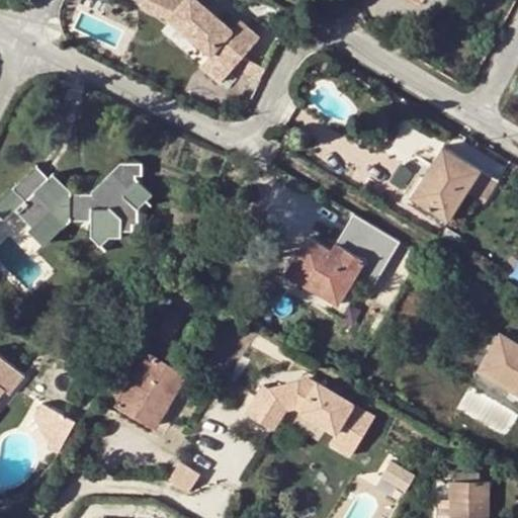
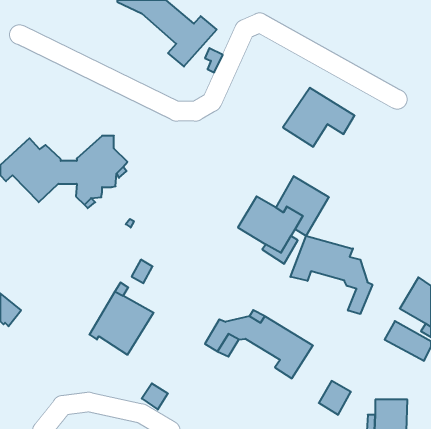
building: [412,149,498,220] -> [283,88,355,147]
building: none -> [290,236,372,314]
building: [33,404,75,453] -> none

